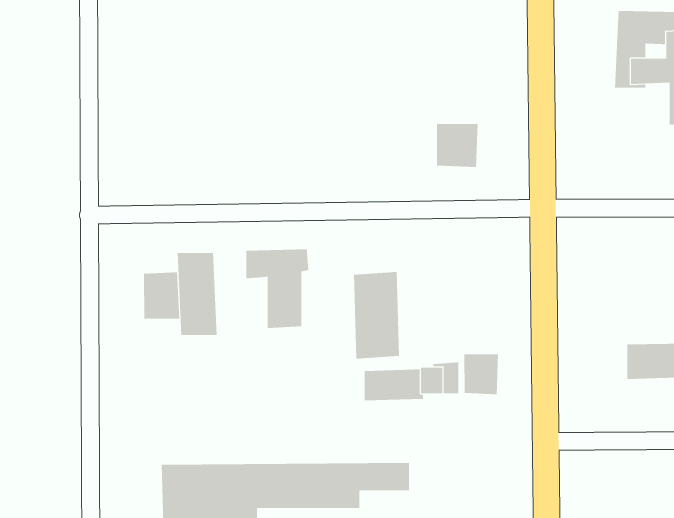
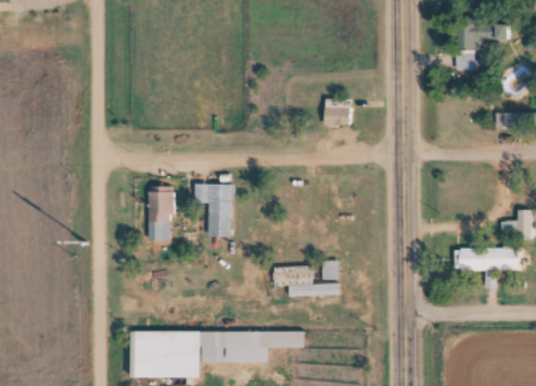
building: [353,271,400,360] -> none
building: [143,272,180,319] -> none
building: [464,354,499,395] -> none

